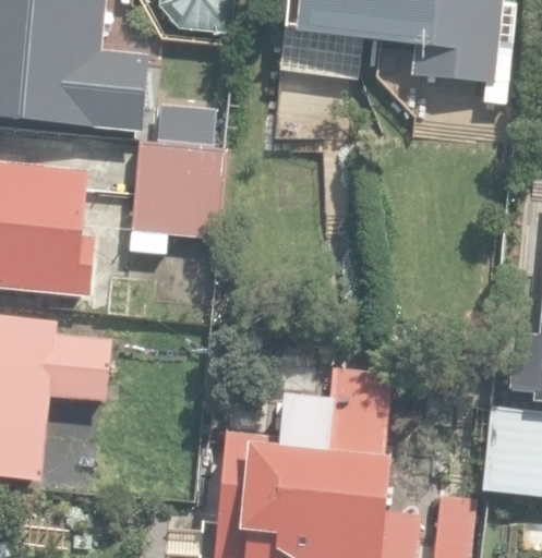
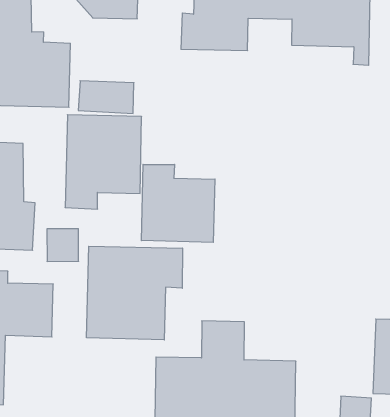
building: none -> [141,164,215,242]
building: none -> [87,246,182,340]

